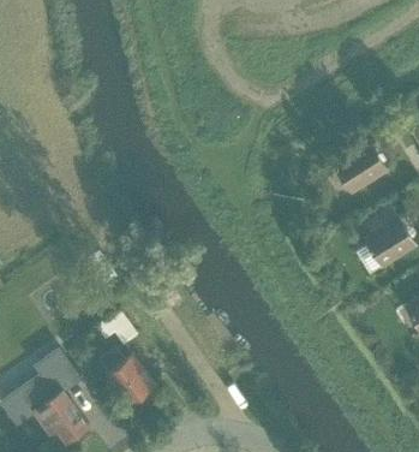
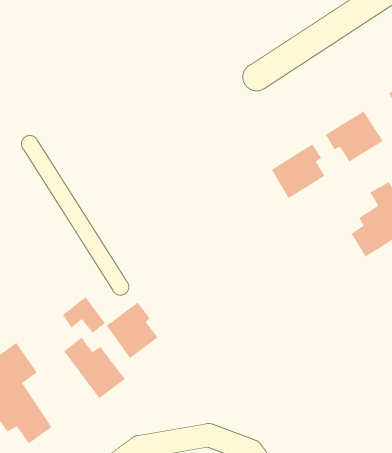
building: none -> [271,144,325,199]
building: none -> [106,302,158,359]

